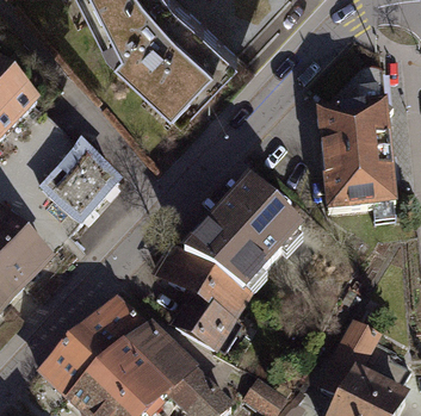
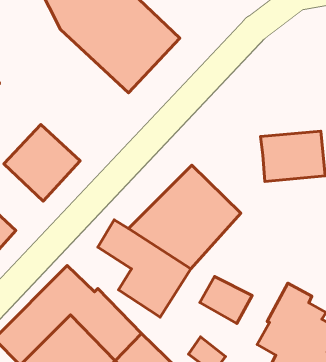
building: [318,62,389,155] -> none
building: none -> [200,277,252,324]

